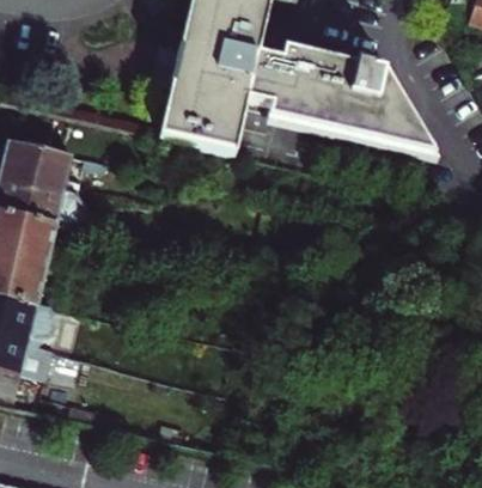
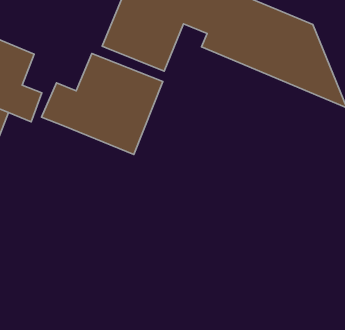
building: none -> [41,53,163,154]

